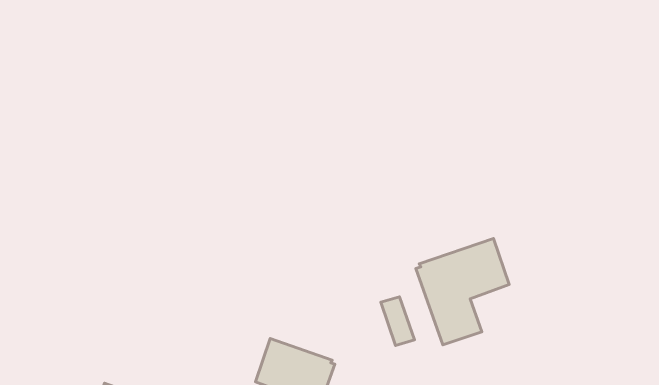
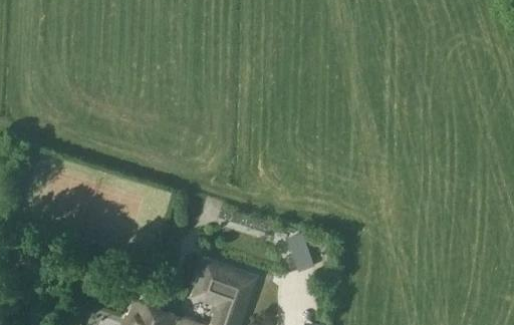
building: [416,238,509,345] -> none

